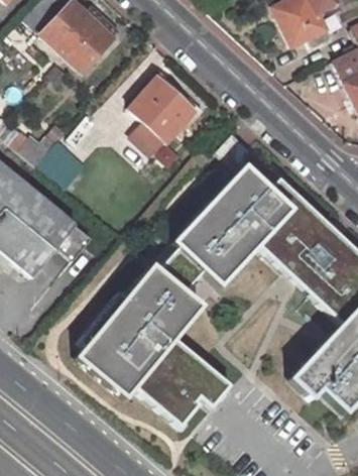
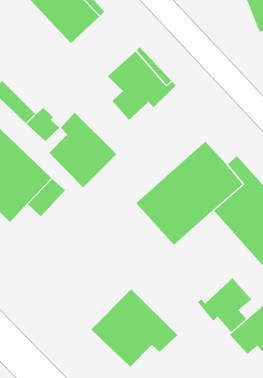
building: none -> [49,112,117,188]
building: [76,266,201,398] -> none
building: none -> [198,278,252,333]

